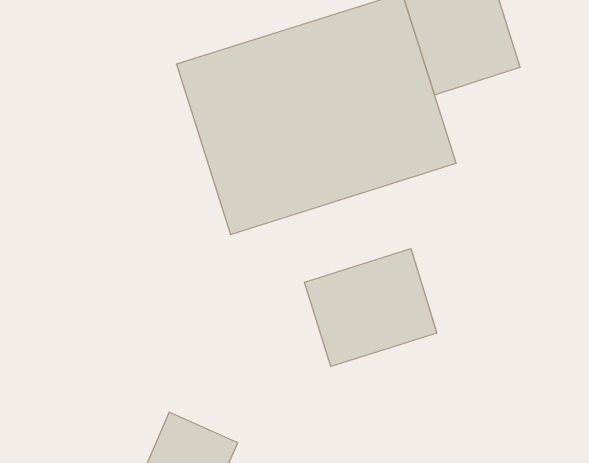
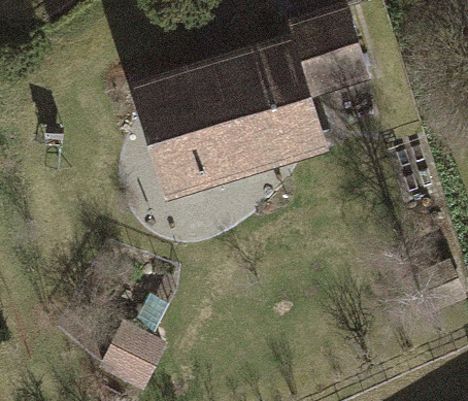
building: [305,249,437,367] -> none

